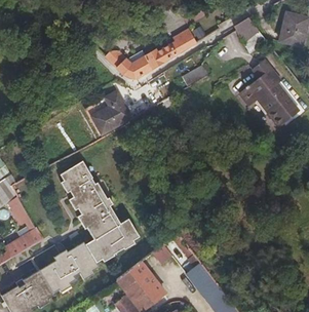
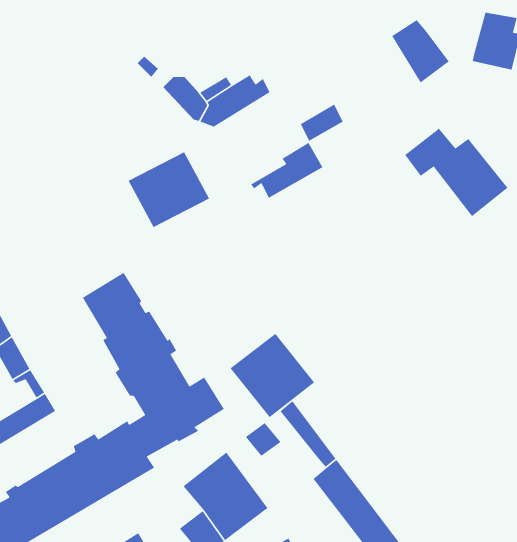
building: [155,28,196,60] -> [250,142,324,199]
building: [252,62,280,90] -> none
building: none -> [230,333,315,418]

